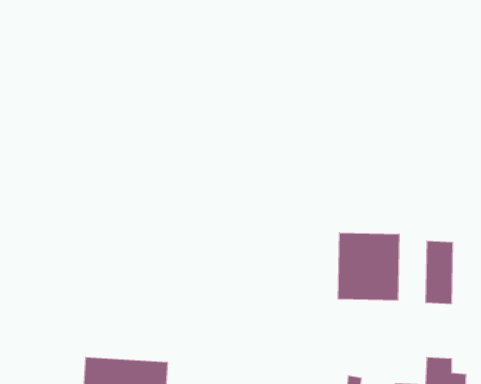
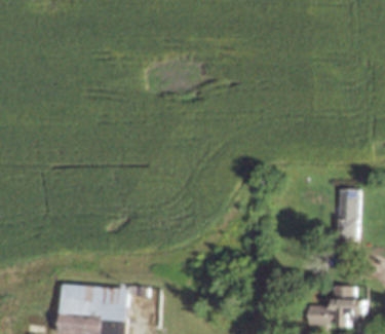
building: [338,233,399,300] -> none

